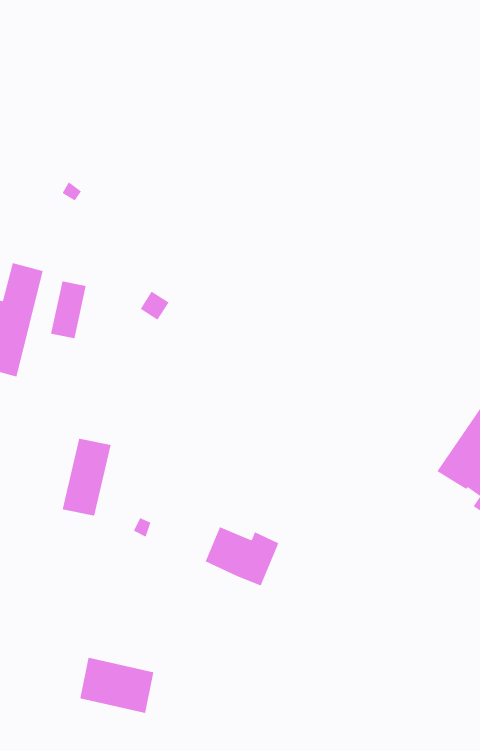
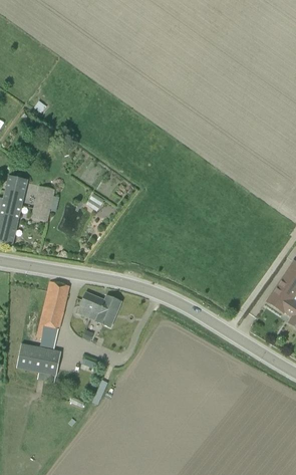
building: [205,527,279,586] -> [76,291,121,327]
building: [79,657,154,714] -> [16,342,61,377]

